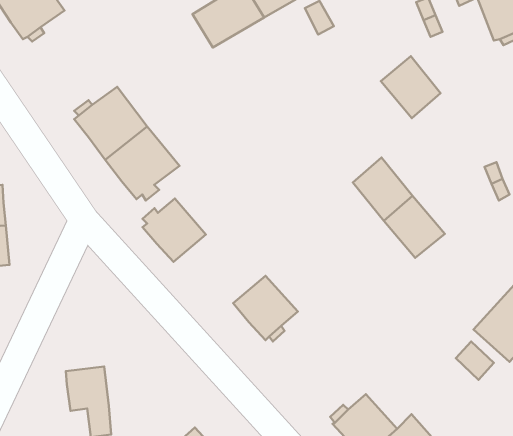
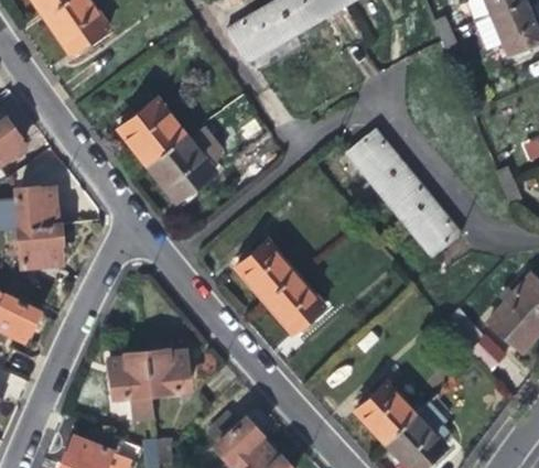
building: [381,56,441,118] -> [347,130,402,187]
building: [142,199,206,262] -> [237,240,295,298]
building: none -> [147,352,188,393]

